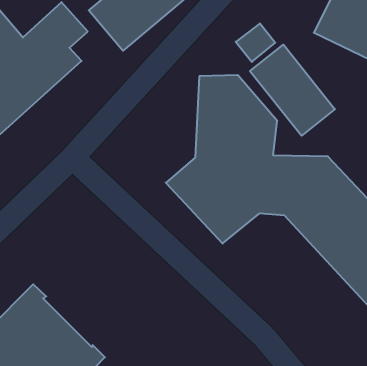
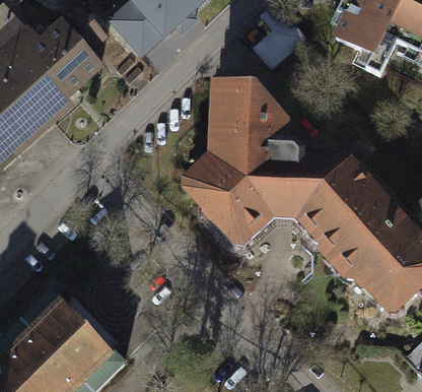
building: [250,45,335,136] -> none

